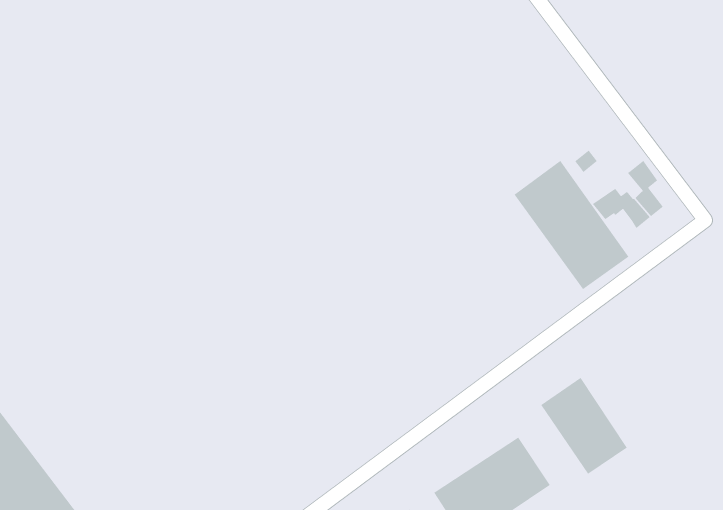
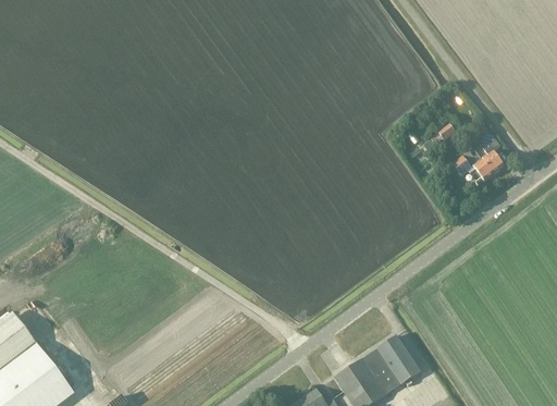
building: [514,160,629,290] -> none
building: [540,377,628,475] -> none

